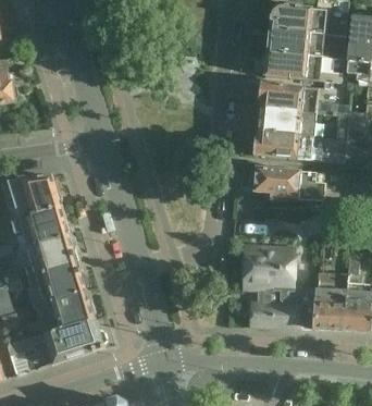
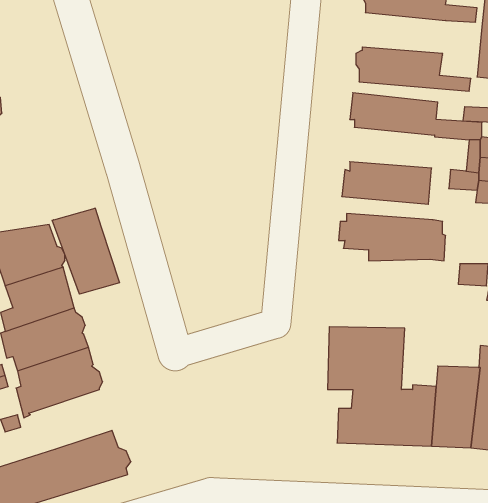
building: [263,28,344,60] -> none
building: [257,108,315,136] -> none
building: none -> [52,208,119,294]
building: [35,290,92,331] -> none

